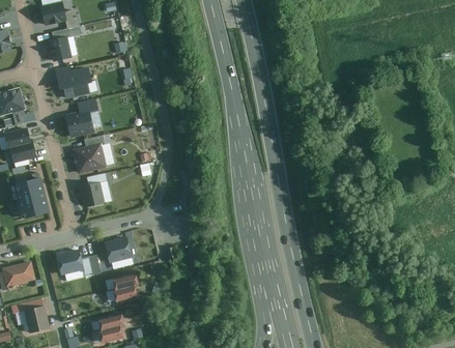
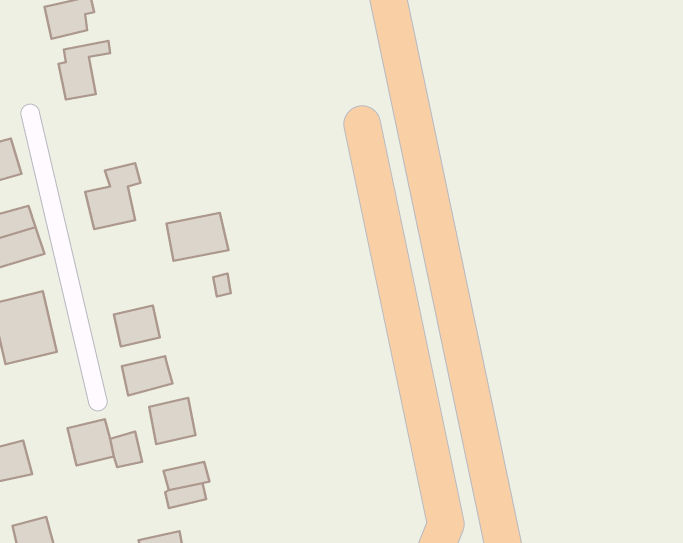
building: [60,64,96,96] -> none
building: [73,142,109,170] -> [166,213,229,261]
building: none -> [122,356,172,396]

